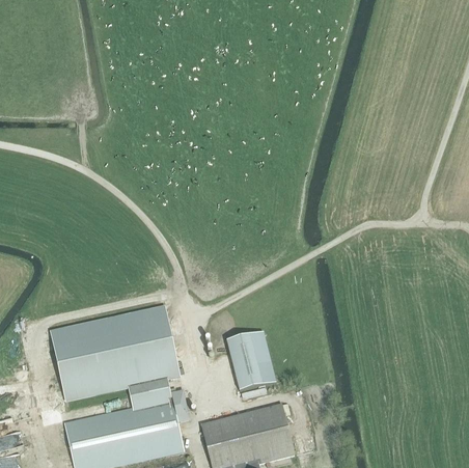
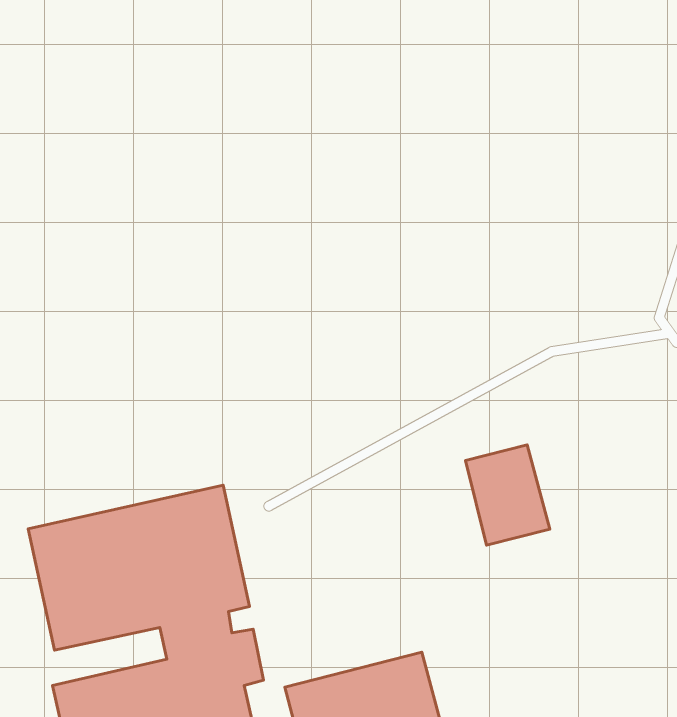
building: [226,331,276,390] -> [465,445,550,545]

